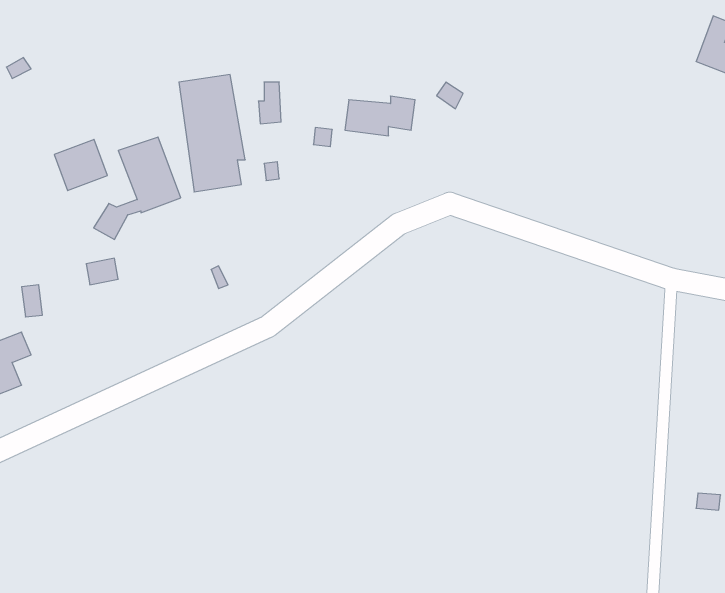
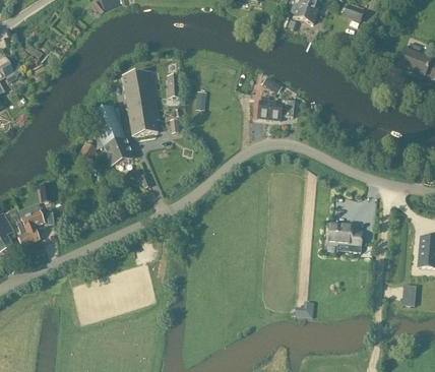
building: [345,96,415,136] -> [257,99,295,120]
building: [54,139,107,191] -> [104,138,132,166]
building: none -> [326,223,362,252]

